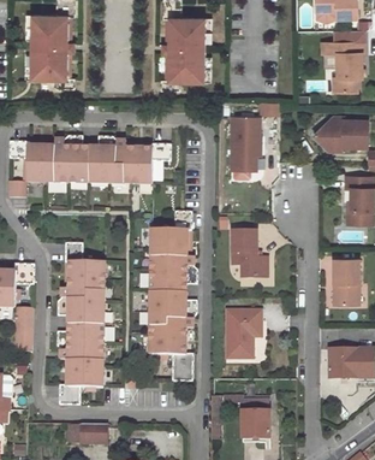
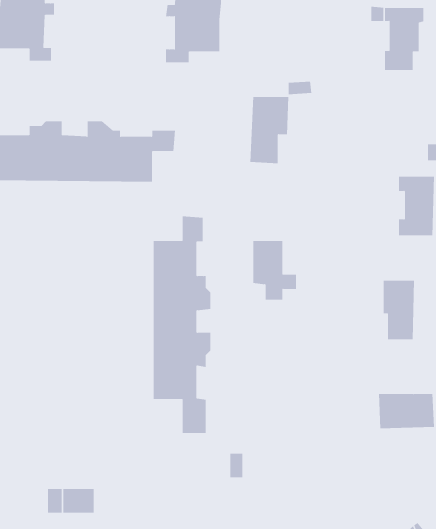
building: [312,118,367,153] -> none
building: [58,242,105,405] -> none
building: [225,309,260,356] -> none
building: [243,409,268,448] -> none

